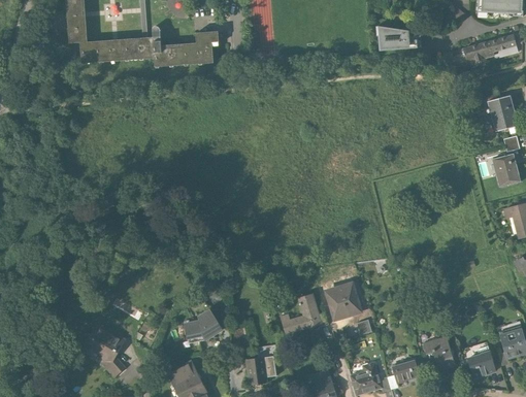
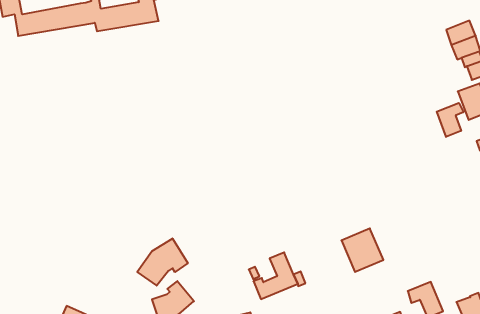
building: none -> [437,103,463,137]
building: none -> [137,238,188,286]
building: [324,280,361,320] -> [341,228,383,272]

